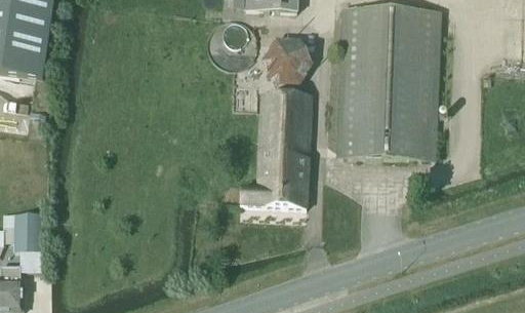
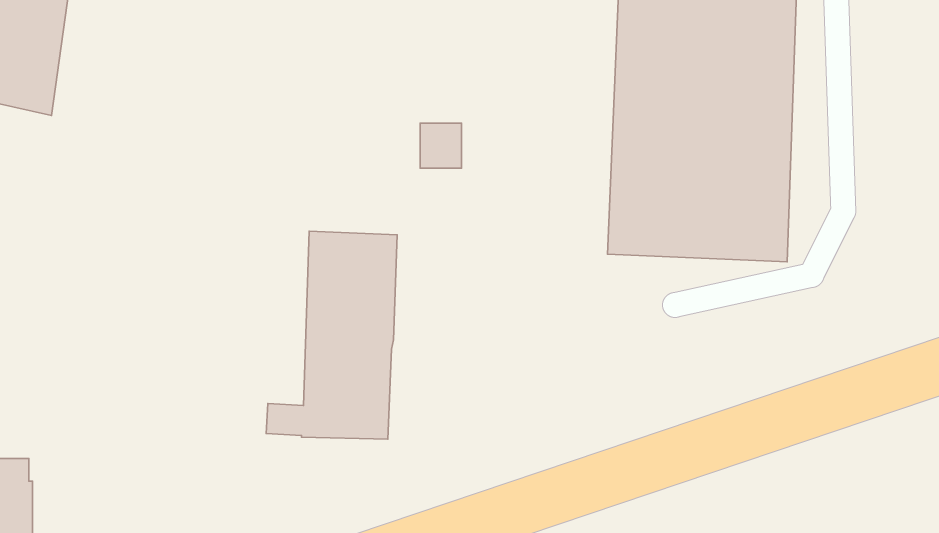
building: [261,37,314,86] -> none
building: [239,92,311,206] -> [266,231,397,439]
building: [14,212,40,270] -> none

